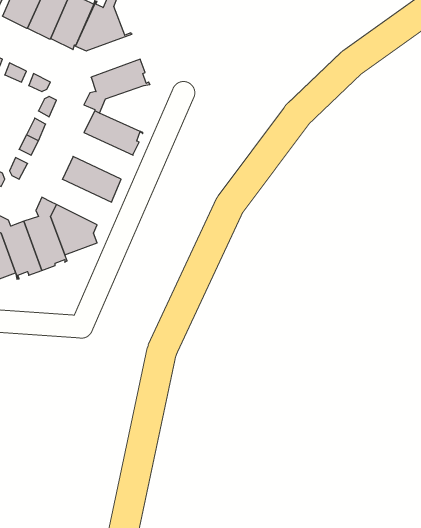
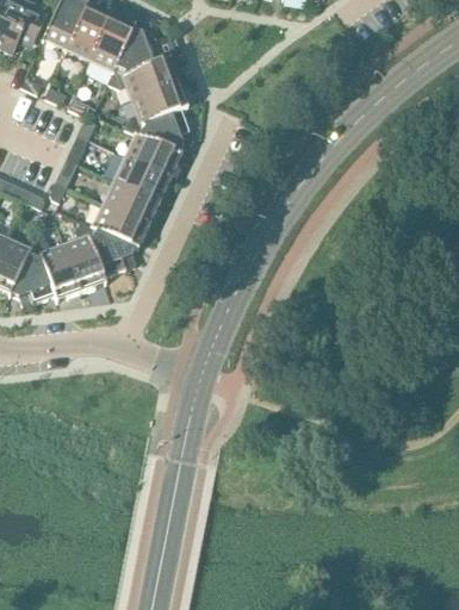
building: none -> [107,57,179,100]
building: none -> [138,108,193,155]
building: none -> [112,155,172,201]
building: none -> [91,201,150,247]

